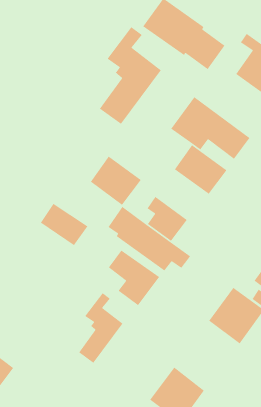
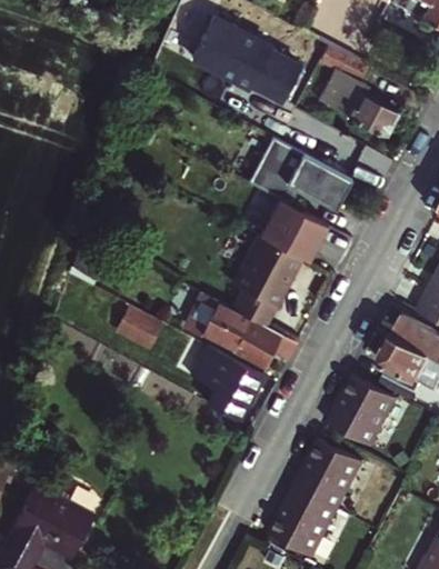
building: [99,26,162,125] -> none
building: [90,156,142,206] -> [239,234,305,296]
building: [78,292,123,364] -> none
building: none -> [295,436,365,509]

